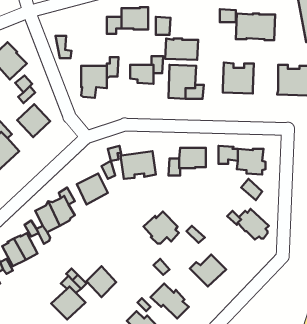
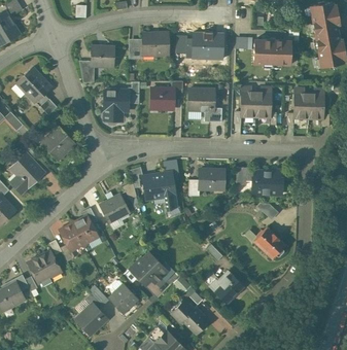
building: none -> [92,46,114,66]
building: [165,39,198,60] -> [194,32,225,52]
building: [143,212,179,244] -> [131,252,165,283]

